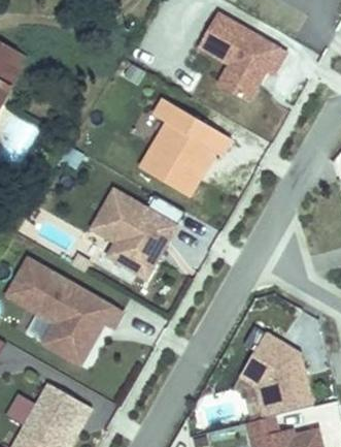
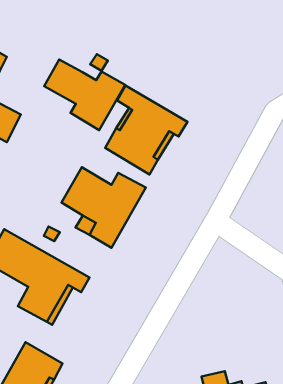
building: [196,11,282,101] -> none
building: none -> [44,59,125,130]
building: [238,332,311,417] -> none

